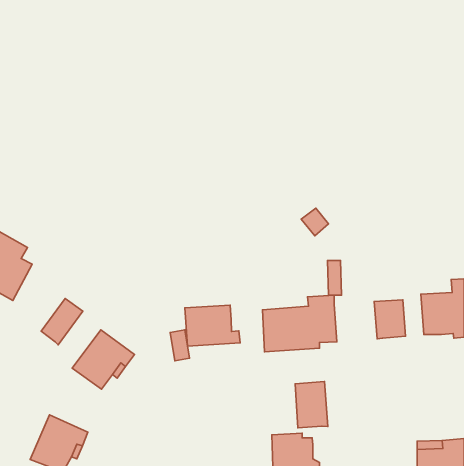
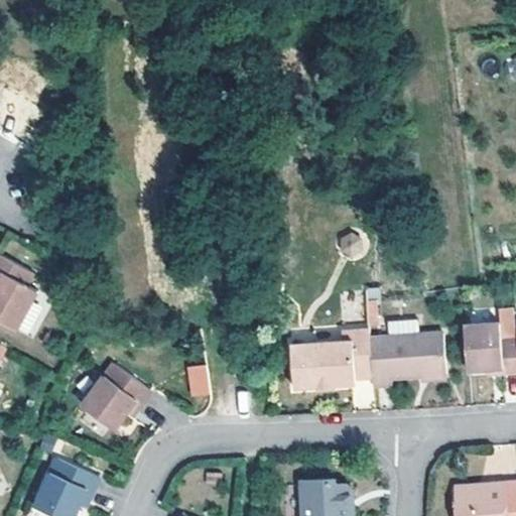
building: [41,299,83,345] -> none
building: none -> [368,334,415,385]
building: [185,305,240,346] -> none
building: [295,382,328,428] -> none

